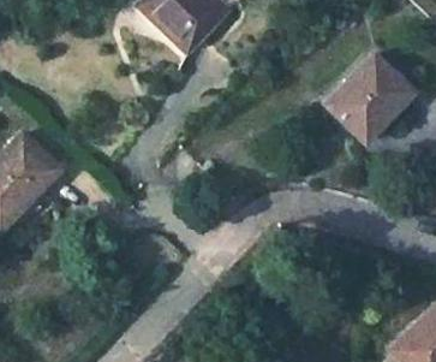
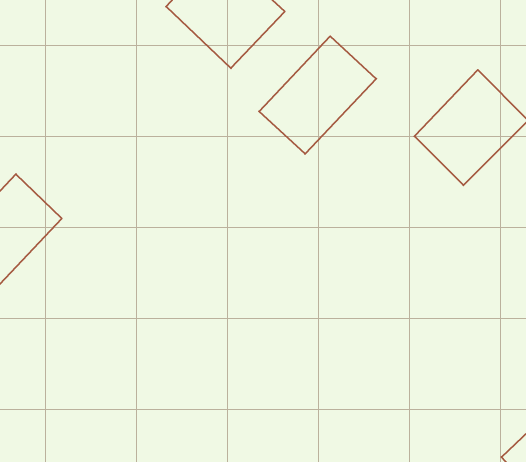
building: none -> [259,36,376,154]

